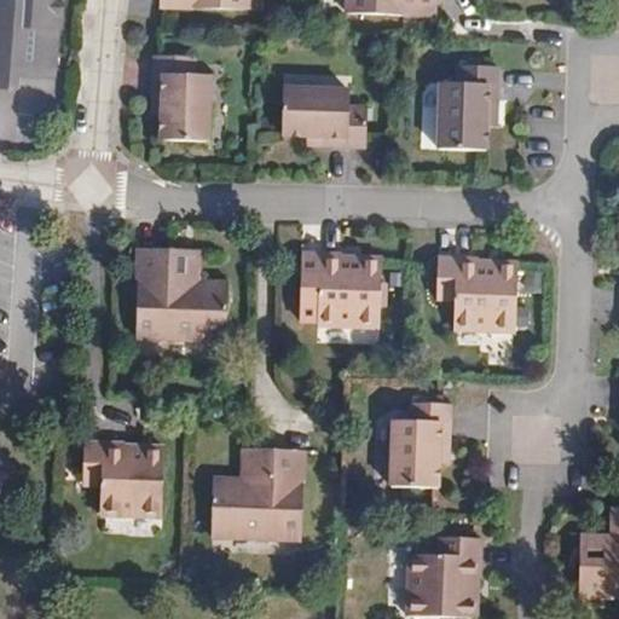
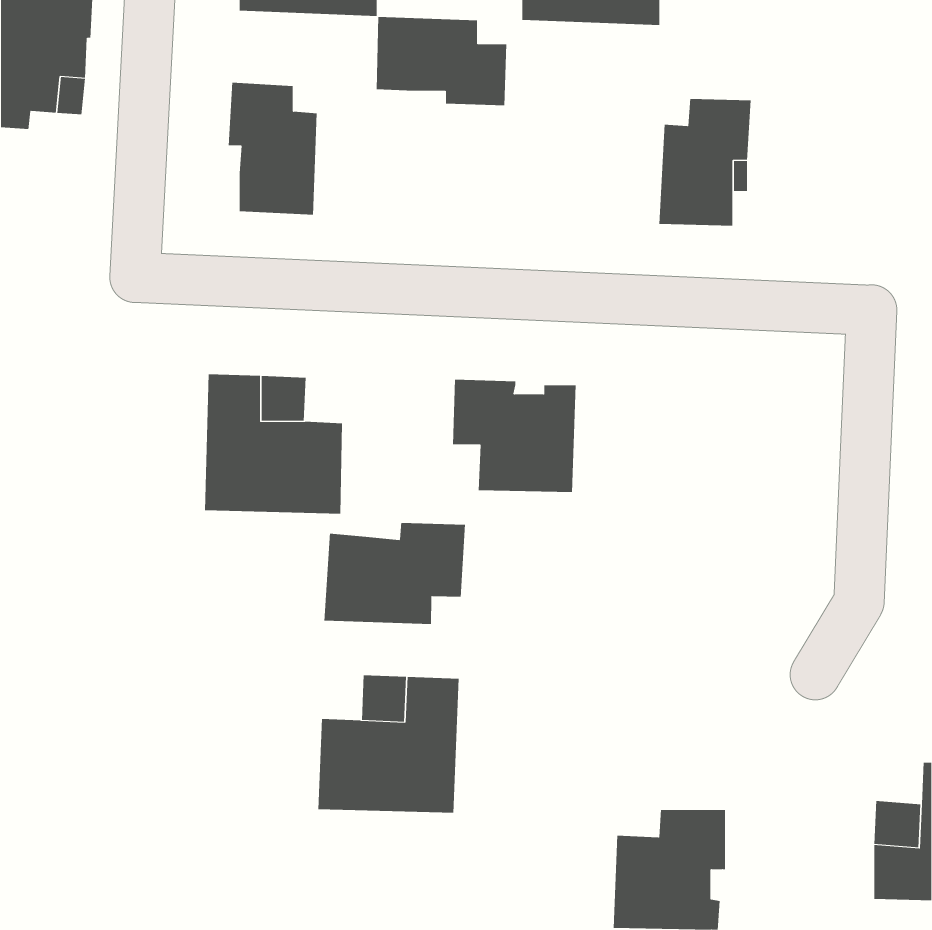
building: [280,87,368,146] -> [376,16,507,106]
building: [435,255,519,331] -> none
building: none -> [324,522,465,625]
building: [391,401,450,487] -> none
building: [82,440,164,516] -> none

